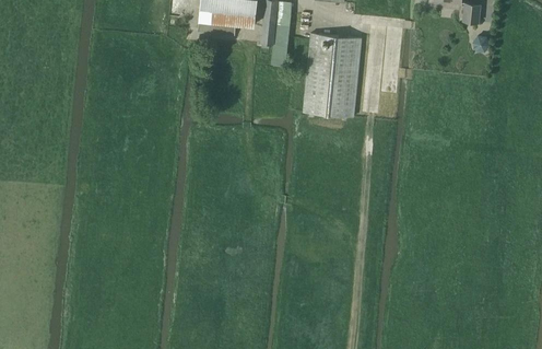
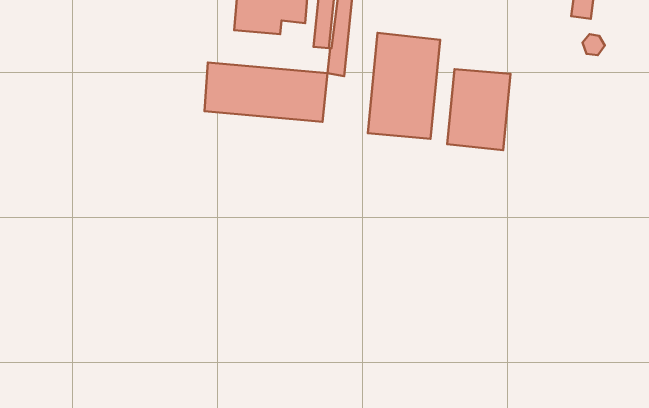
building: none -> [204,62,327,122]
building: none -> [447,69,511,150]

